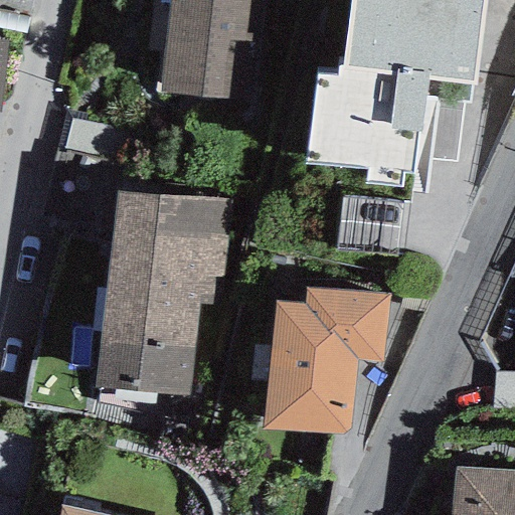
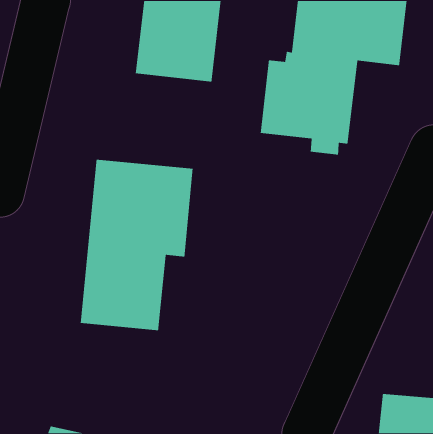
building: [263,285,388,434] -> none

